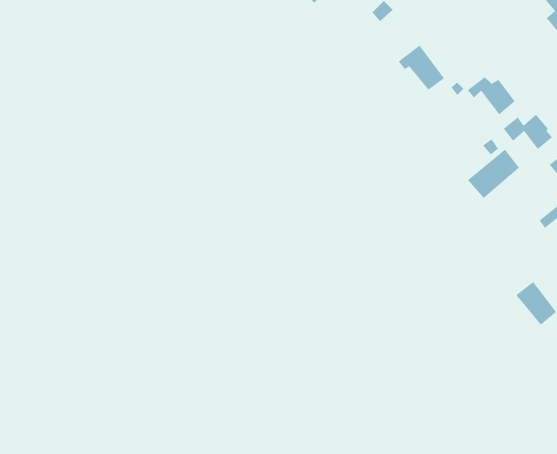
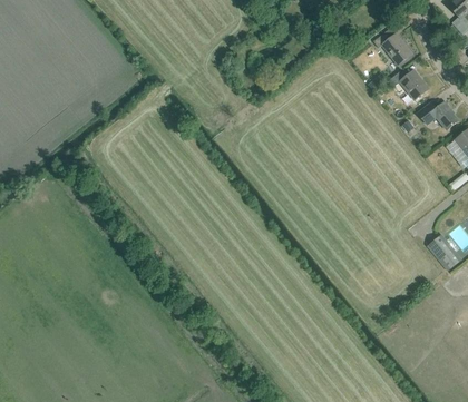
building: [398,45,445,91] -> [373,28,411,65]
building: [467,149,520,199] -> none

